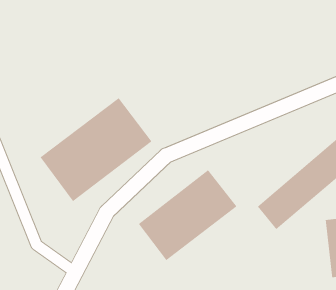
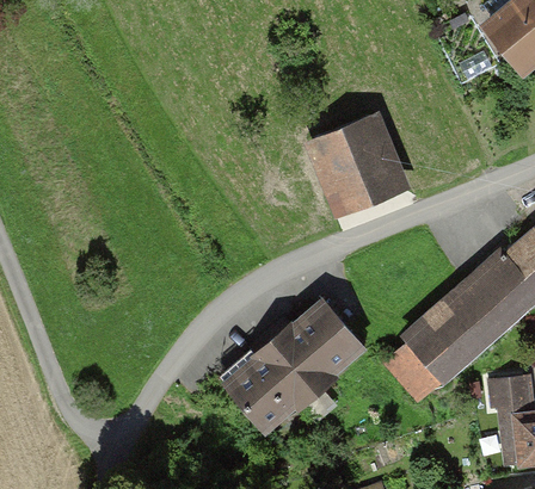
building: none -> [310,114,411,218]
building: [40,97,152,202] -> none

